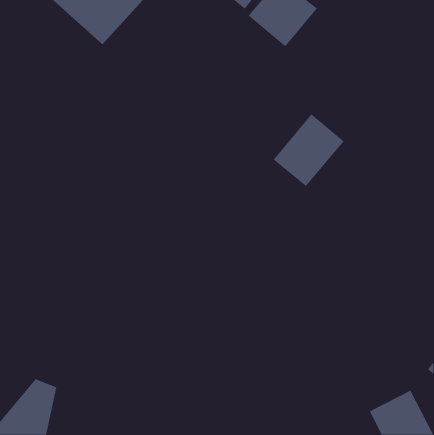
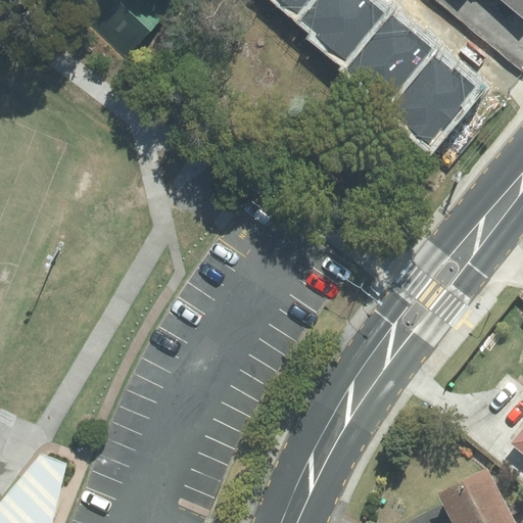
building: none -> [342,13,429,101]
building: [273,113,345,187] -> [386,52,472,140]

